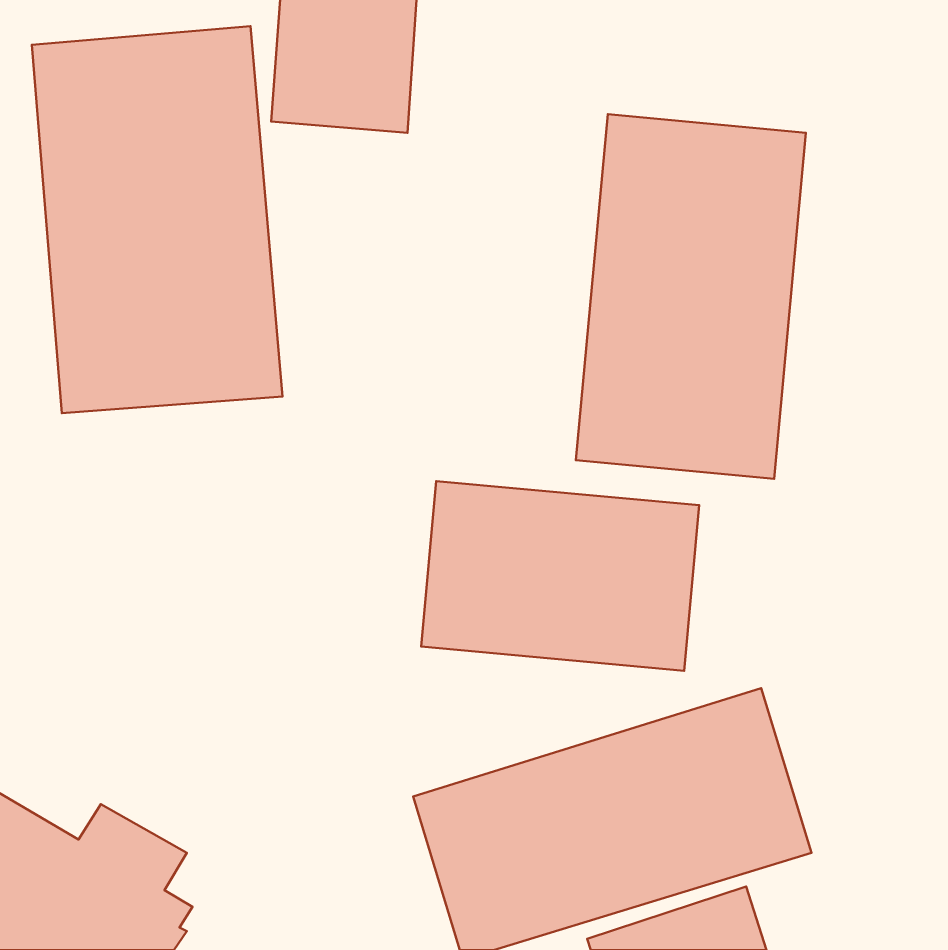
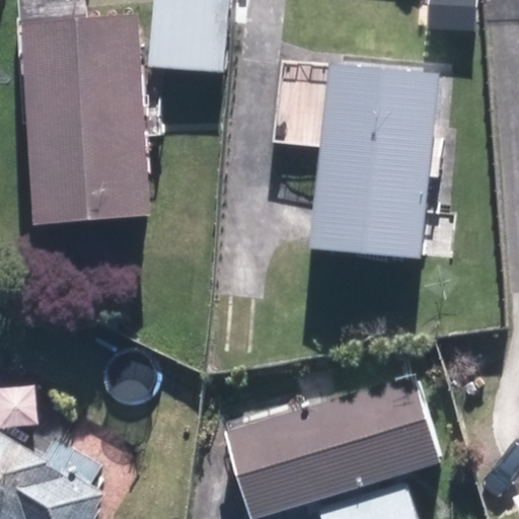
building: [421,481,699,671] -> none

